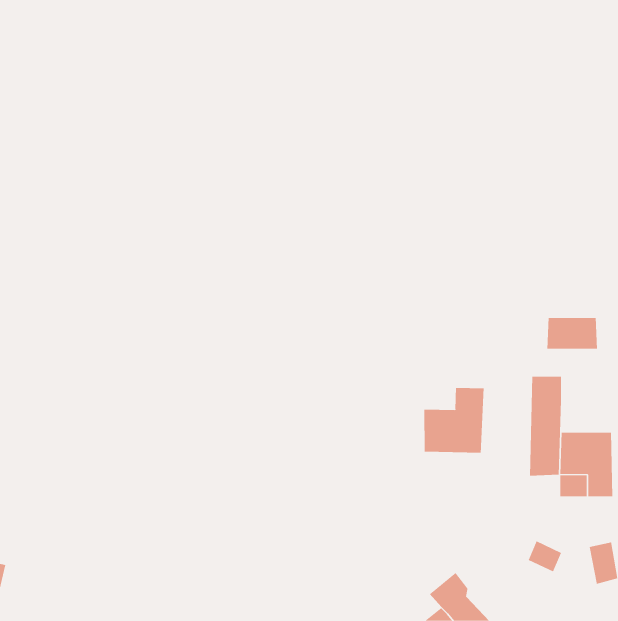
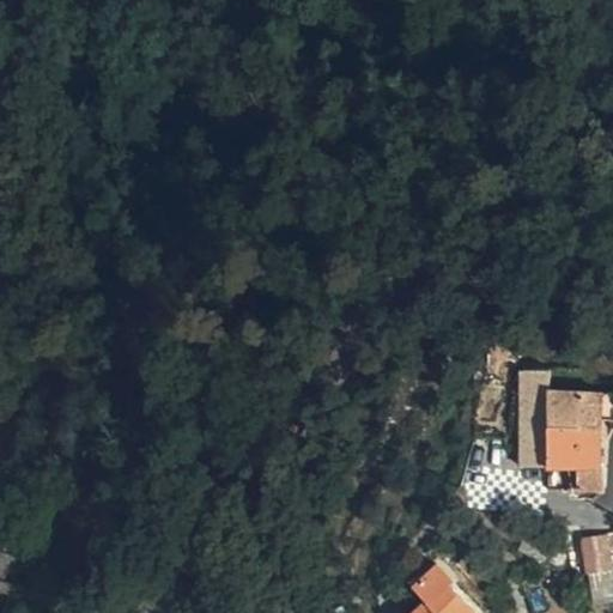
building: [547,318,598,349] -> [551,394,601,425]
building: [424,387,484,454] -> none

